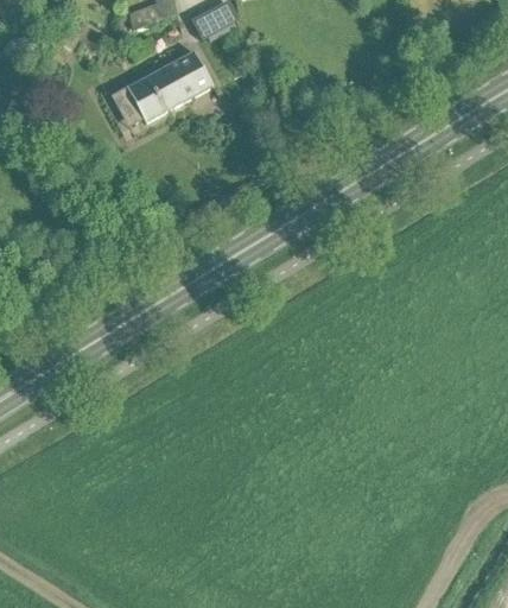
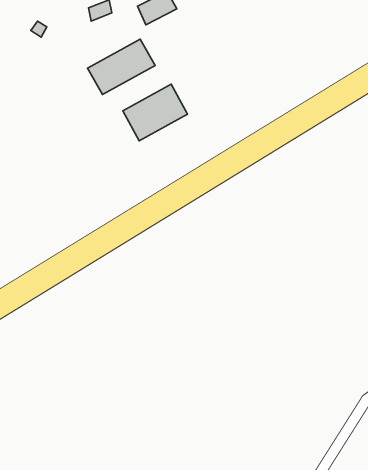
building: none -> [123,84,187,141]

